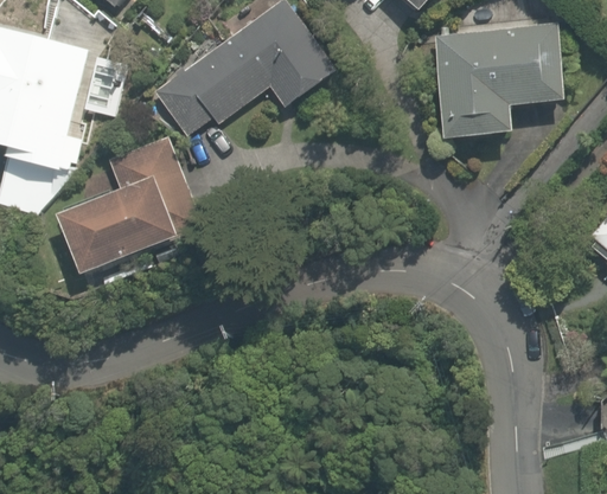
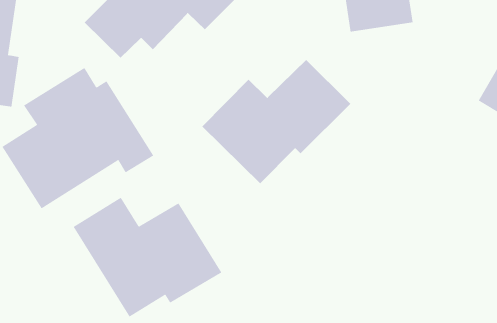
building: none -> [202,59,351,184]
building: none -> [73,197,222,318]

